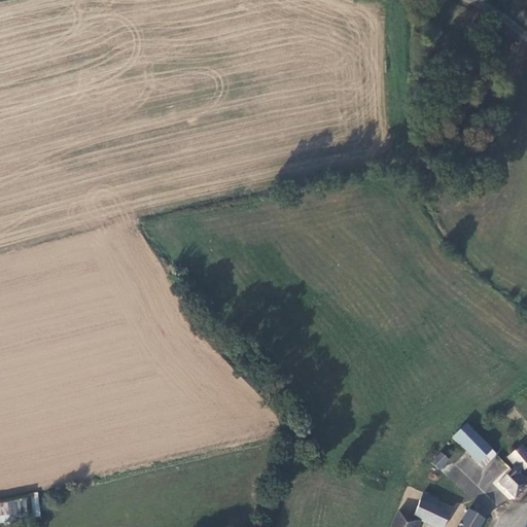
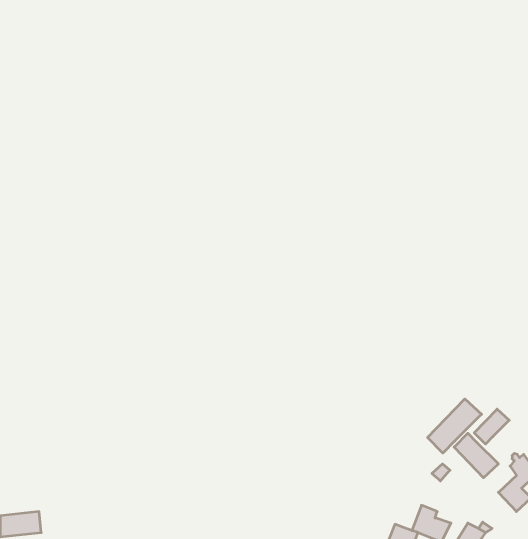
building: none -> [428,399,482,453]
building: none -> [474,409,509,444]

